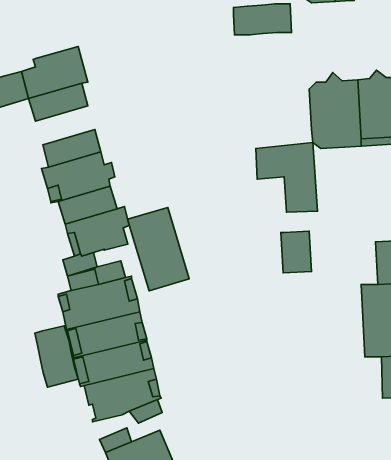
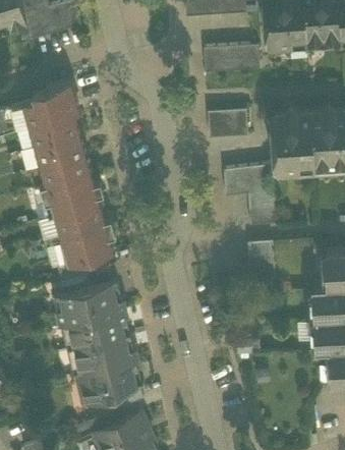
building: none -> [208,112,248,140]
building: none -> [35,135,85,169]
building: [128,207,189,291] -> none
building: [35,326,78,387] -> none

